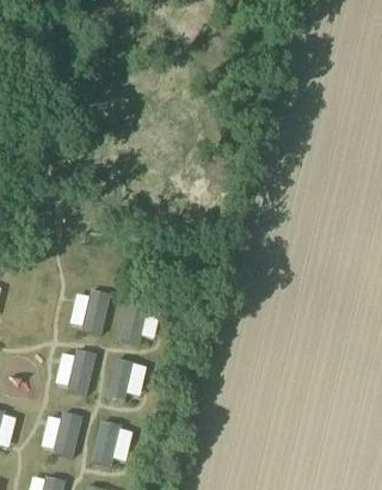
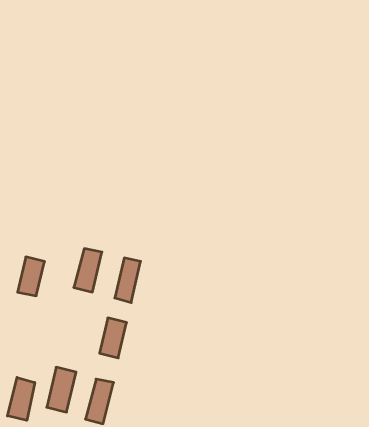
building: [68,351,96,391] -> [18,257,45,296]
building: none -> [7,377,35,420]

